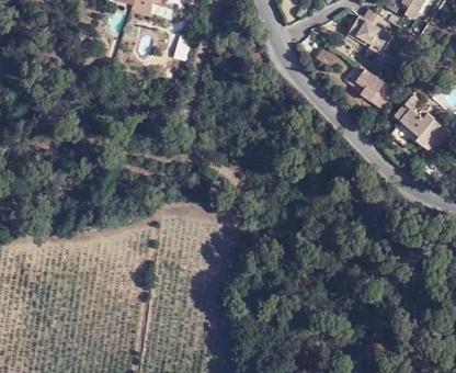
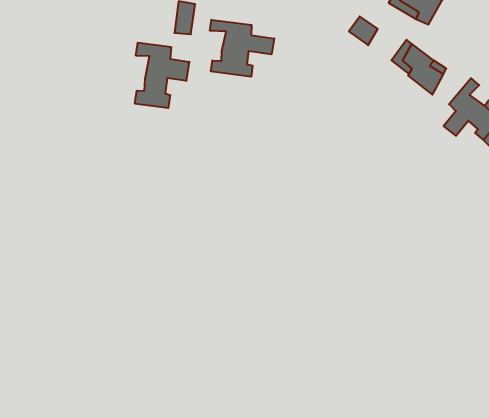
building: none -> [210,20,274,77]
building: none -> [135,43,189,108]

